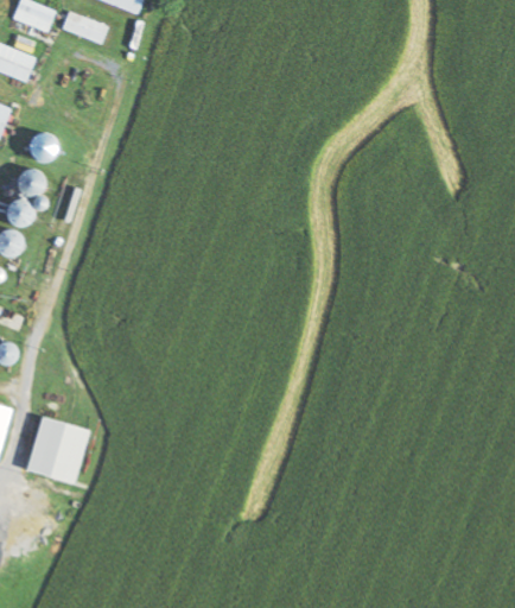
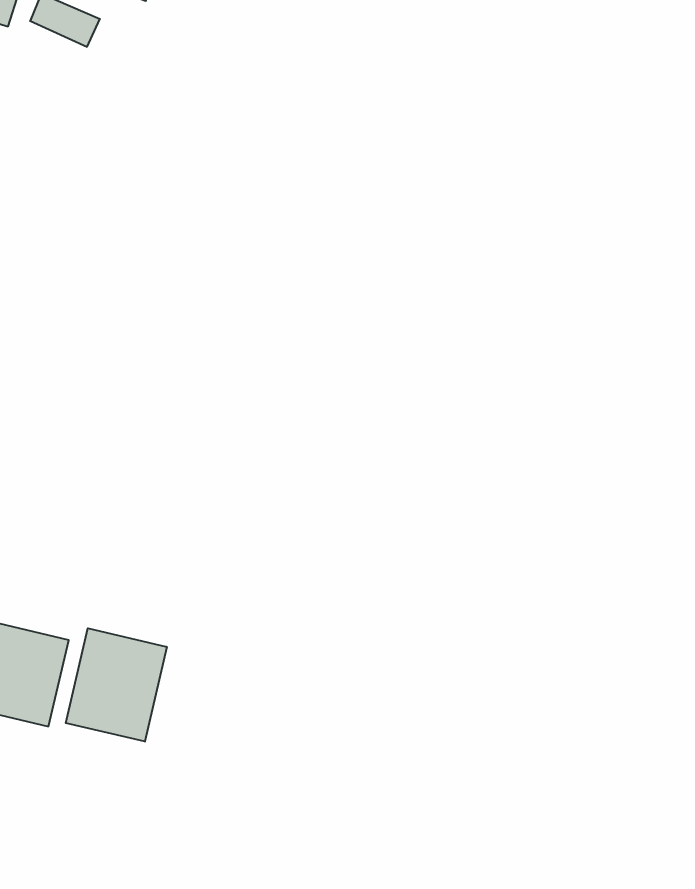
building: none -> [66,628,167,742]

